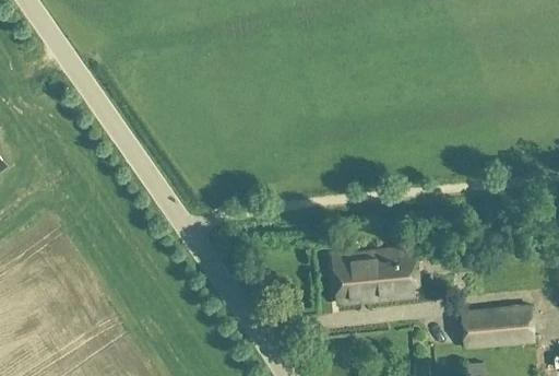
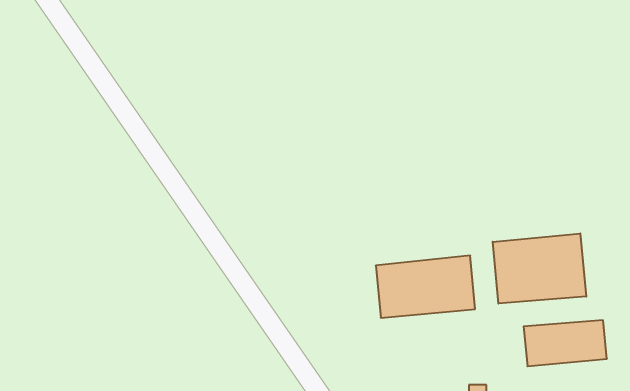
building: none -> [493,233,586,304]

